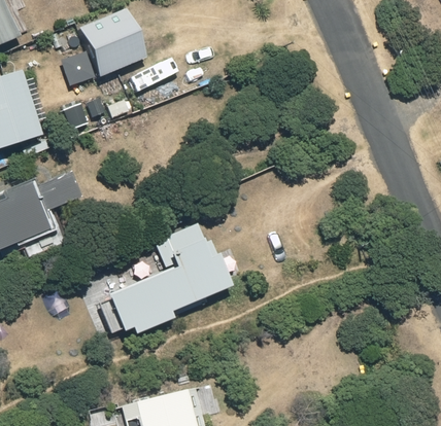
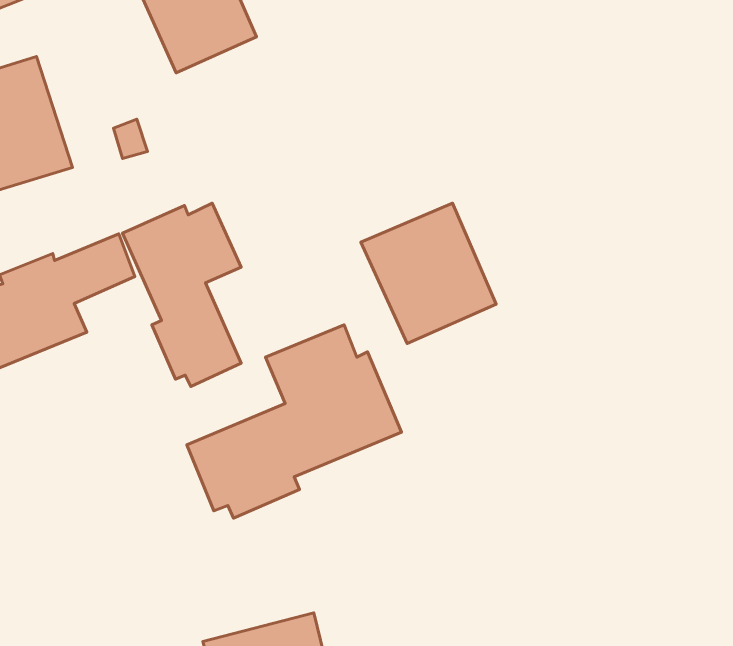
building: none -> [361,203,496,343]
building: none -> [123,203,241,386]

